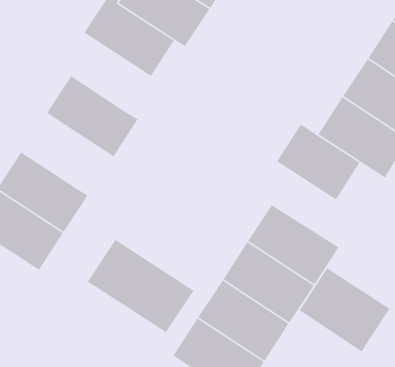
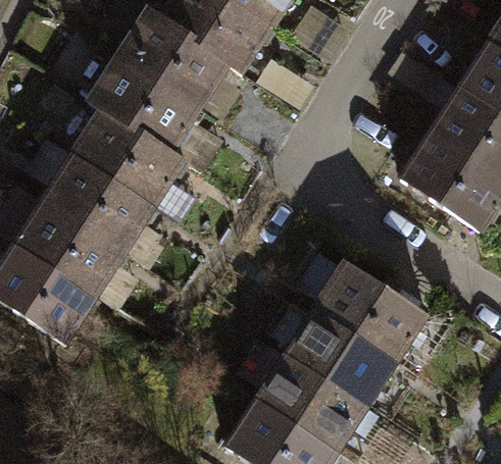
building: none -> [89,56,201,152]
building: none -> [44,153,156,252]
building: [276,123,360,200] -> none
building: [87,239,194,333] -> none
building: [299,267,391,353] -> none

